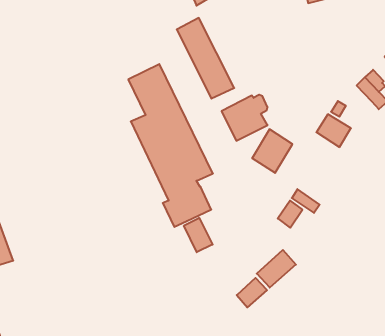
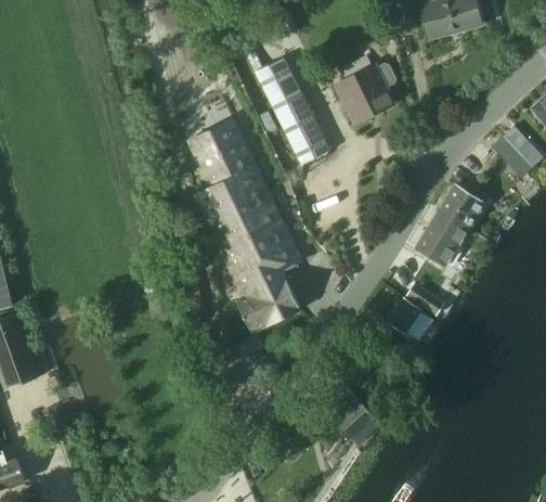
building: [222,95,268,141] -> [335,63,395,124]
building: [252,129,292,173] -> [416,208,469,266]
building: [184,218,213,252] -> none
building: [257,250,296,288] -> none

